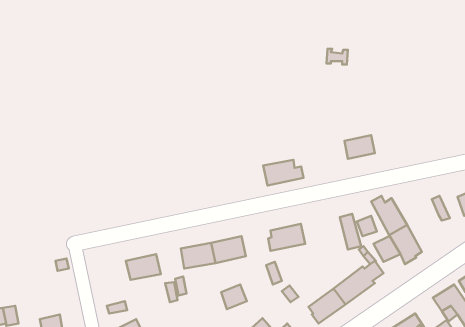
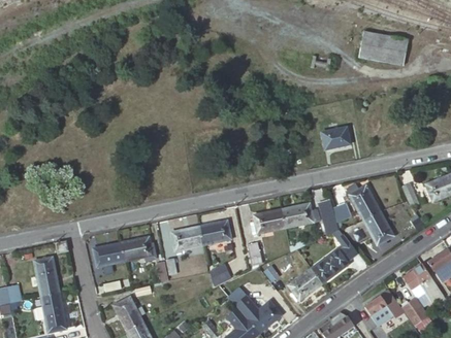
building: none -> [359,30,406,63]
building: [263,160,303,186] -> [282,203,319,227]
building: none -> [93,242,125,266]
building: none -> [34,257,60,296]

